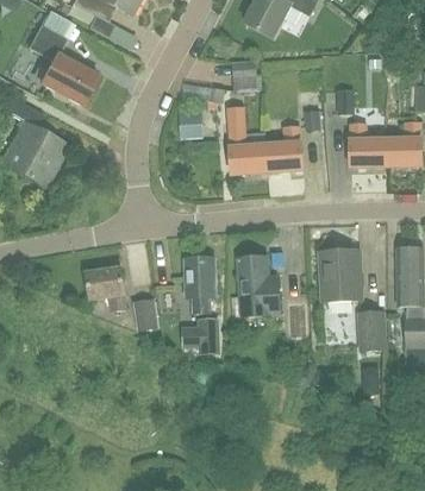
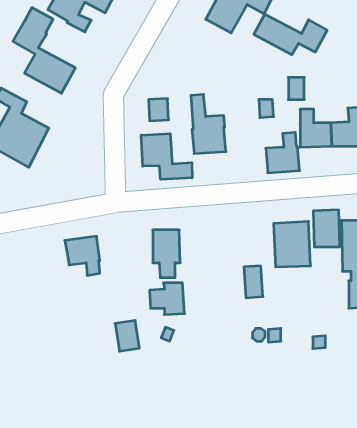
building: none -> [254,14,327,55]
building: [231,58,263,92] -> none
building: [264,126,302,171] -> [266,132,300,173]
building: none -> [141,134,192,179]
building: [237,256,280,316] -> none
building: [133,296,161,331] -> [115,320,139,351]
building: [357,308,387,350] -> [313,210,340,247]

